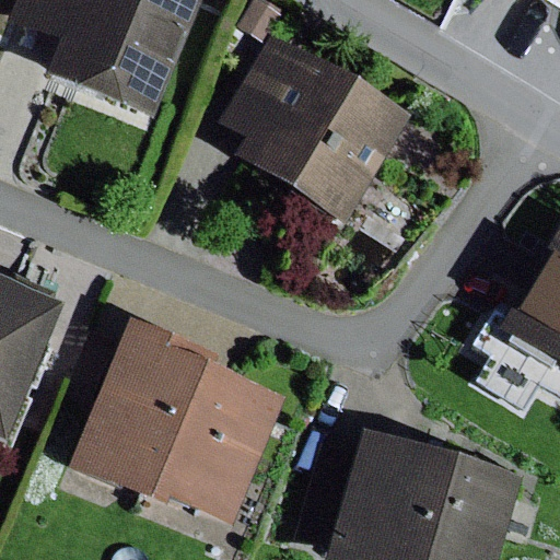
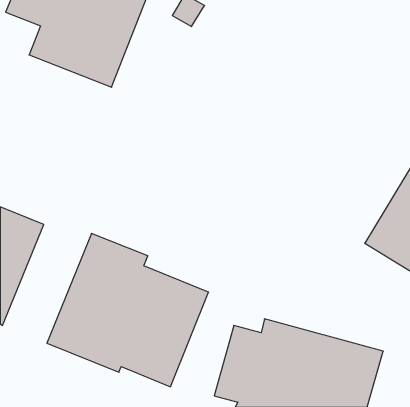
building: [218,30,415,225] -> none

